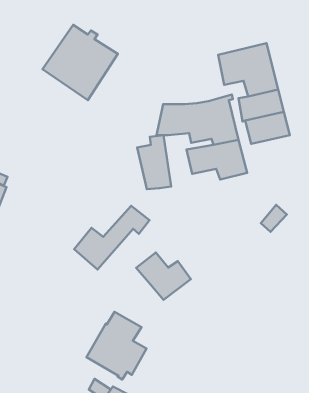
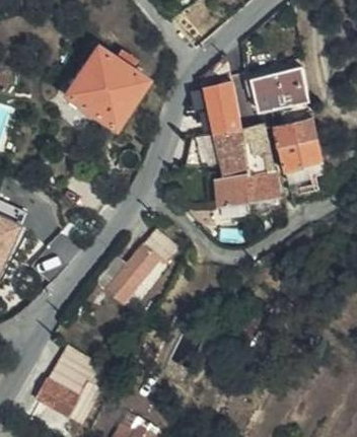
building: [137,135,171,189] -> [203,75,238,132]
building: [136,252,191,300] -> none
building: [86,312,146,380] -> [37,354,99,425]

